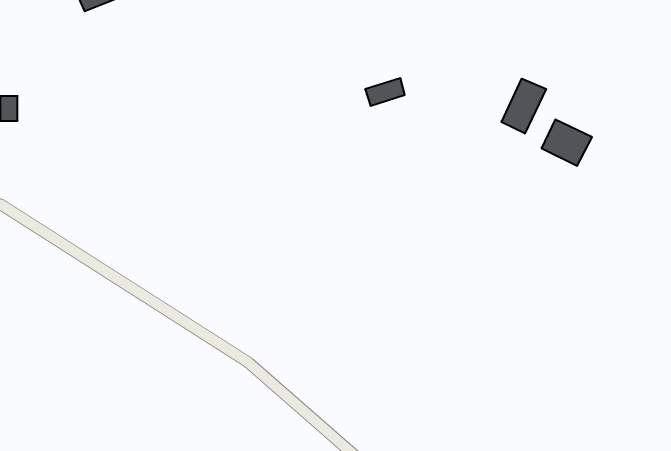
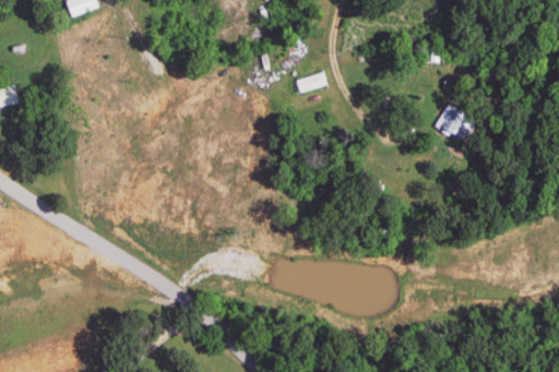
building: [501,79,546,134] -> none

